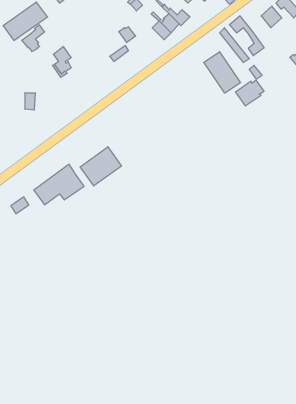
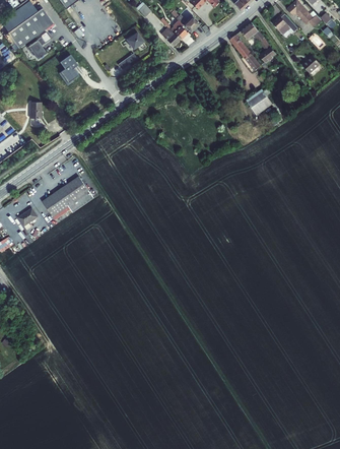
building: [204,52,241,93] -> none
building: [80,147,121,186] -> none

